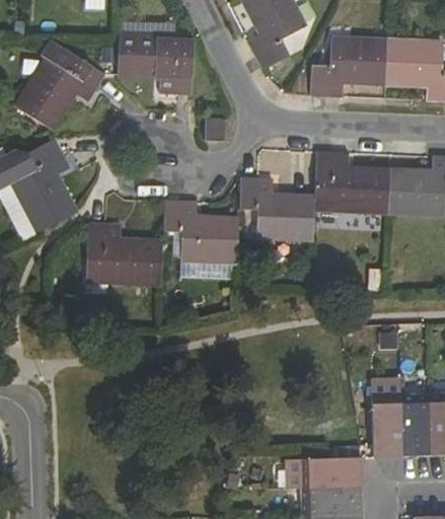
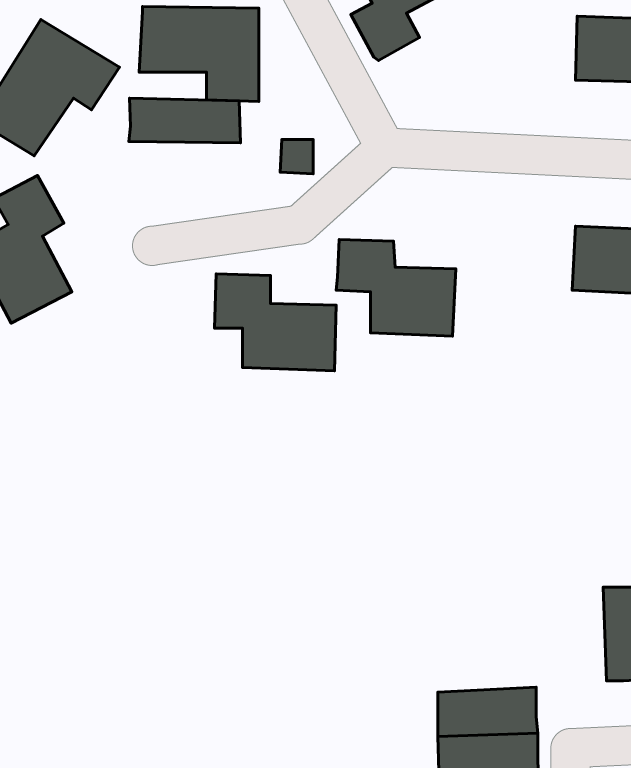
building: [310,40,387,96] -> none
building: none -> [129,98,240,143]
building: [313,153,386,211] -> none
building: [87,224,163,284] -> none
building: [373,394,405,453] -> none

